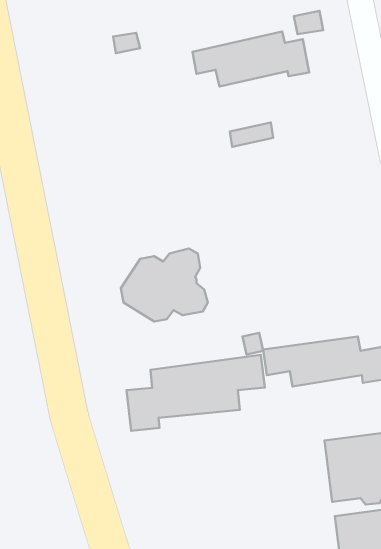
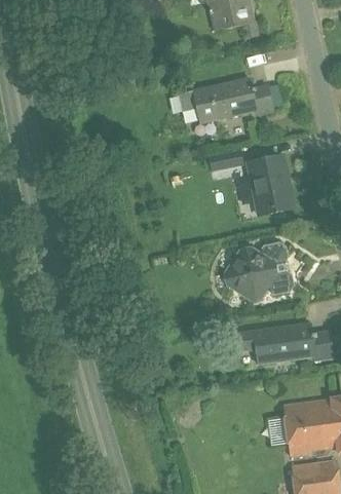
building: none -> [248,154,294,214]
building: [121,249,208,322] -> [224,241,294,300]
building: [127,355,265,431] -> none

